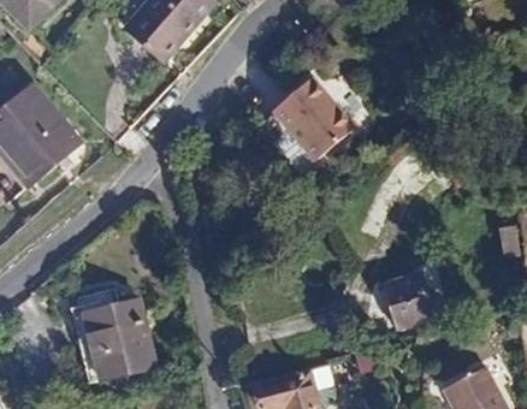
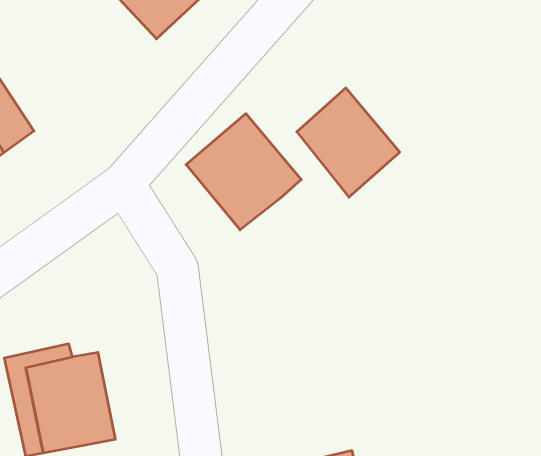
building: none -> [186,114,301,230]
building: [384,267,438,328] -> none

